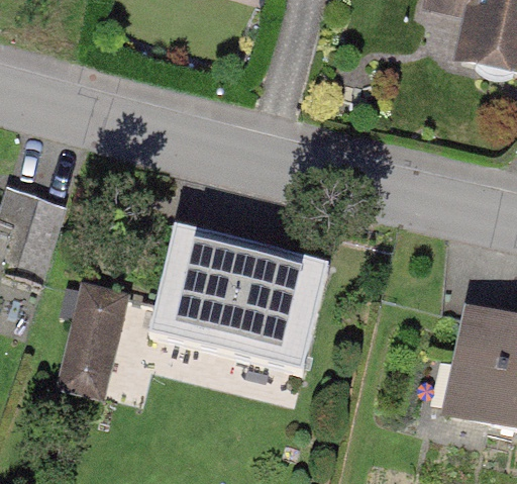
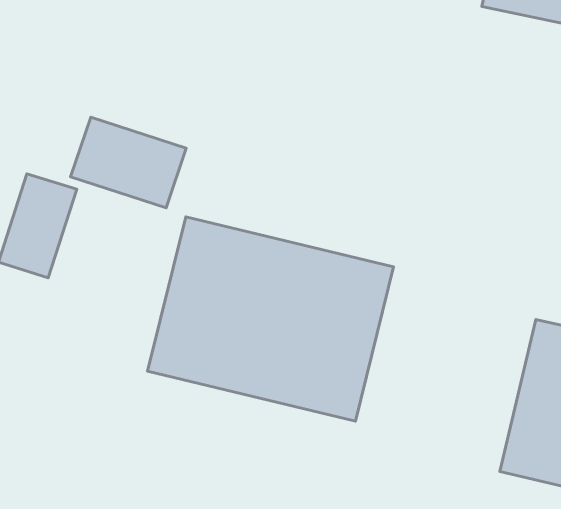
building: none -> [71,117,186,208]
building: [64,268,134,386] -> none

